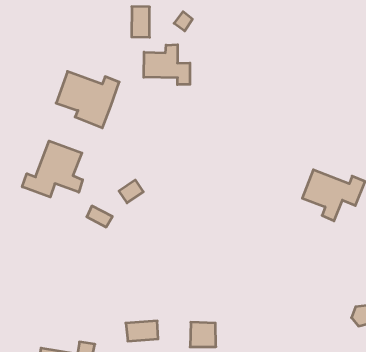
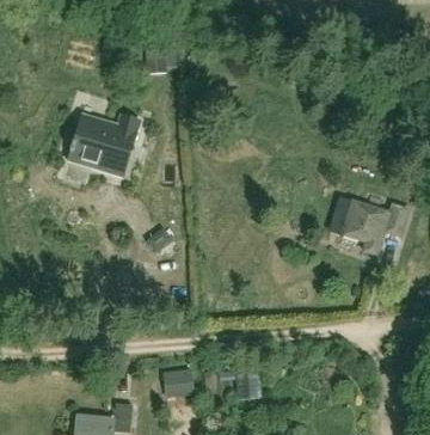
building: [144,45,190,85] -> none
building: [22,141,83,197] -> none

